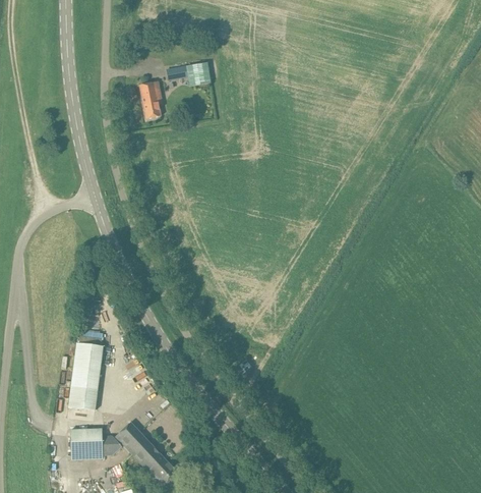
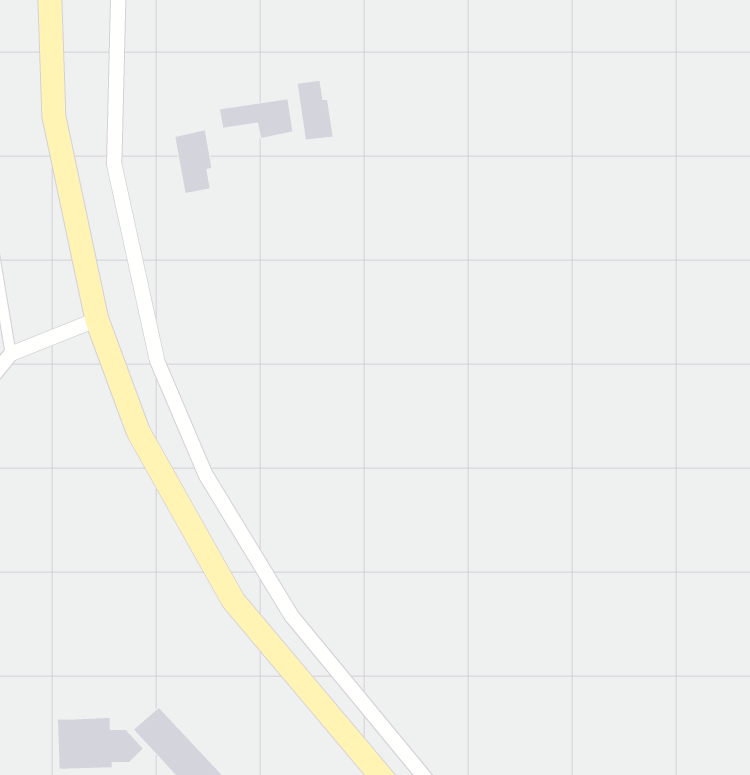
building: none -> [297,80,333,140]
building: [68,334,103,409] -> none

